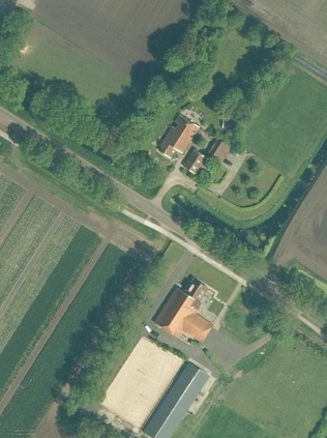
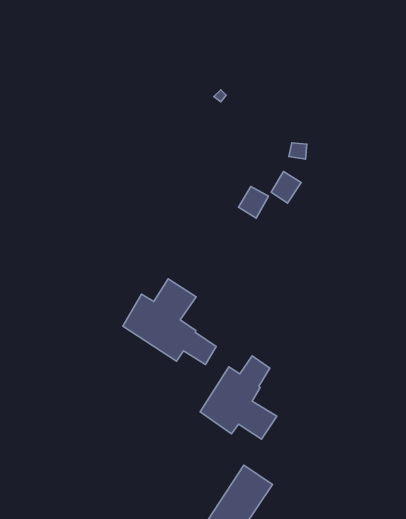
building: [160,114,199,157] -> none
building: none -> [123,279,216,364]

